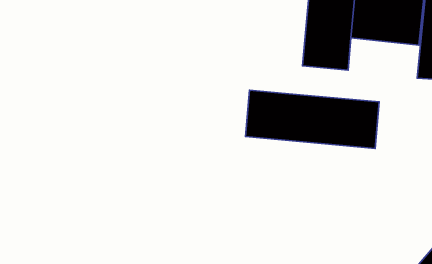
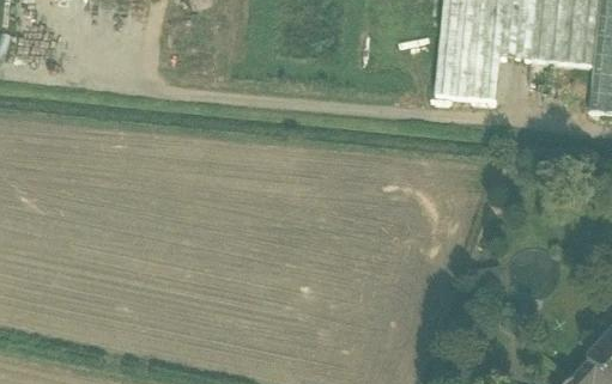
building: [246,90,379,148] -> none

